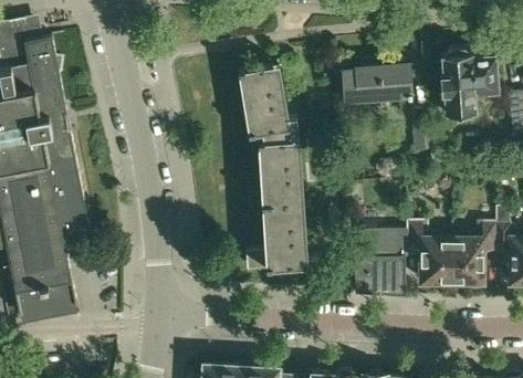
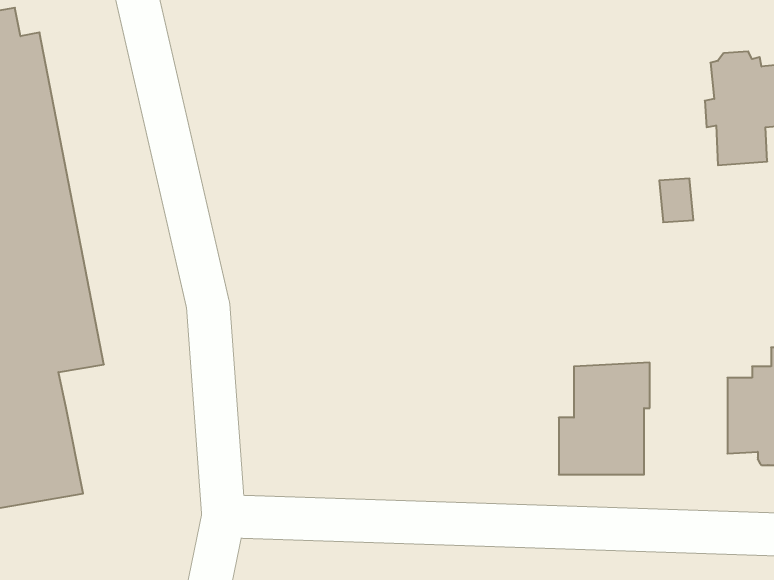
building: [341,64,414,117] -> none
building: [241,67,301,270] -> none
building: [408,221,453,284] -> none

